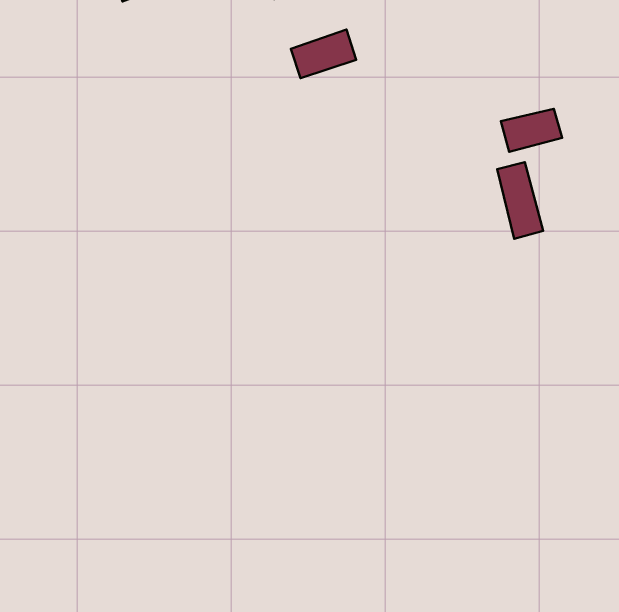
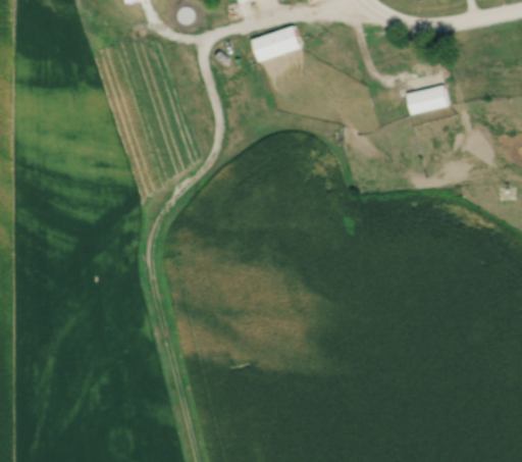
building: [497,162,543,239] -> none

